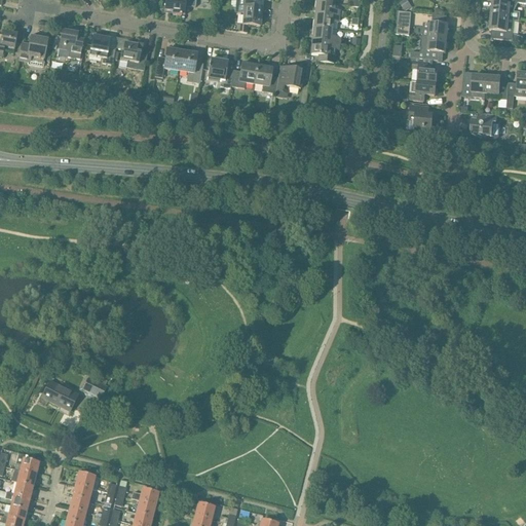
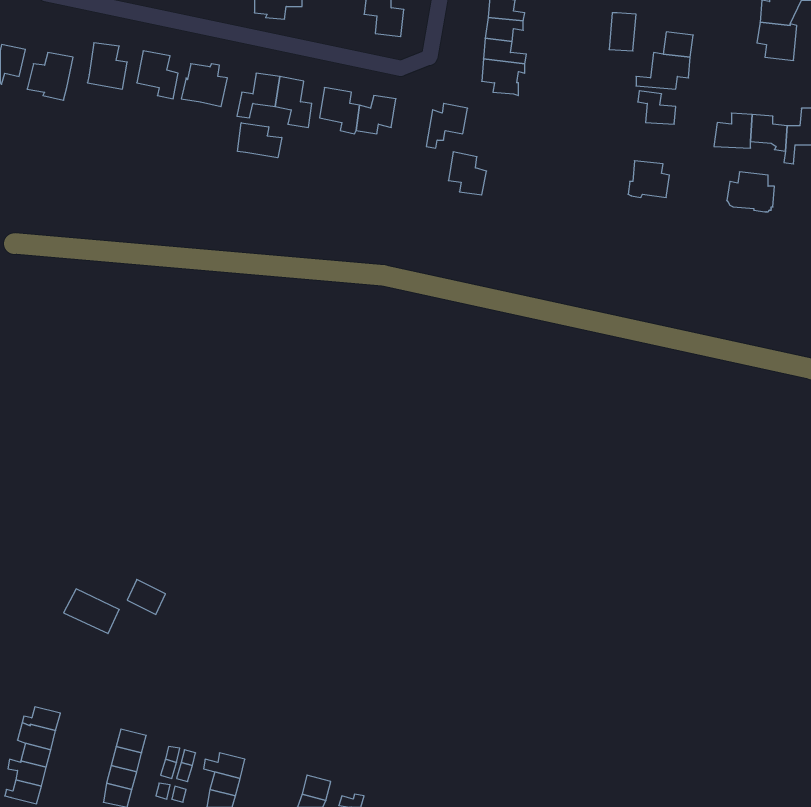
building: [254,64,278,91] -> [448,152,487,195]
building: [410,78,437,99] -> none
building: none -> [238,123,282,158]

